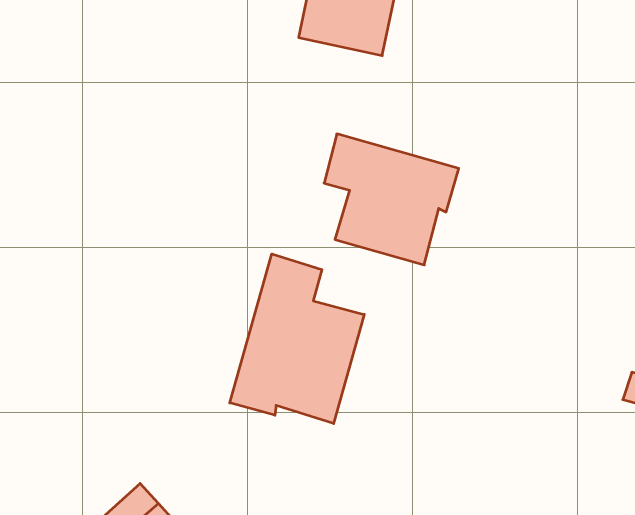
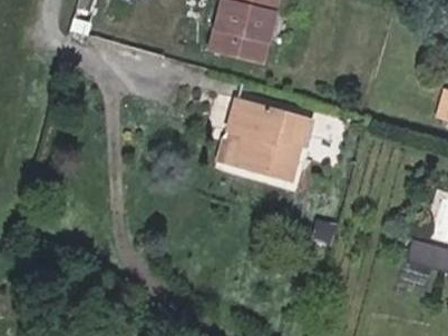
building: [230,254,364,424] -> none

